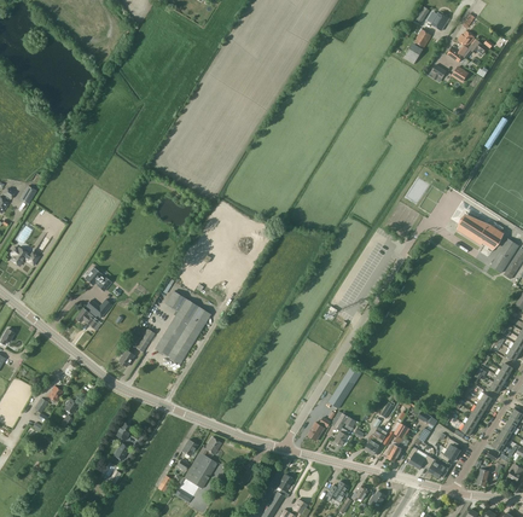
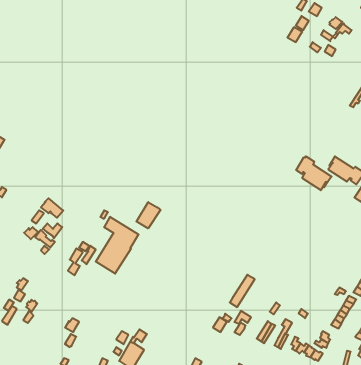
building: none -> [296,156,332,190]
building: none -> [136,202,160,228]

